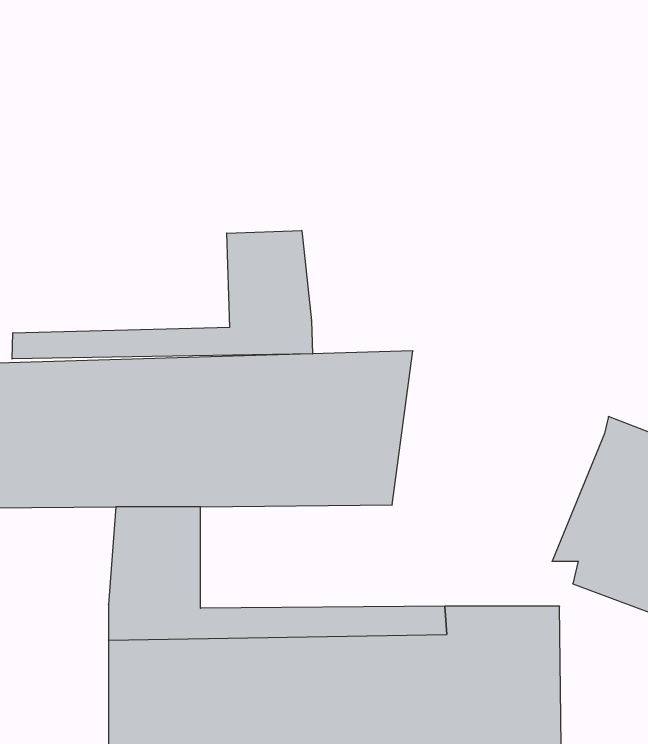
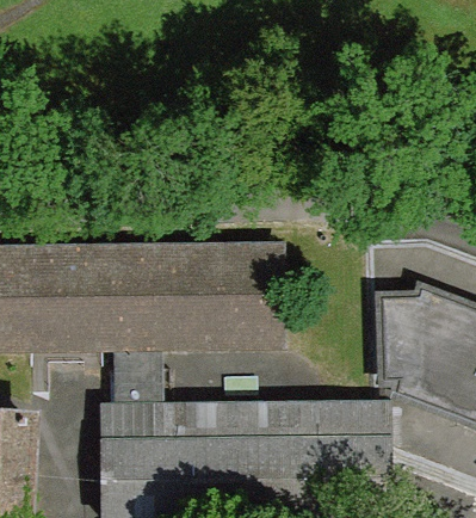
building: [12,230,312,359] -> none

